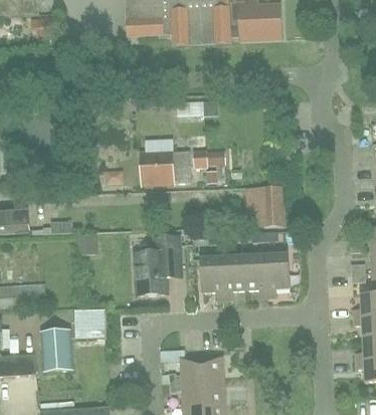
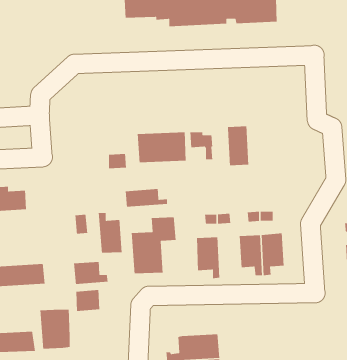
building: [261,183,284,224] -> [227,125,249,166]
building: none -> [125,188,168,207]
building: none -> [98,212,123,254]
building: [222,254,245,297] -> none
building: none -> [73,261,108,285]

